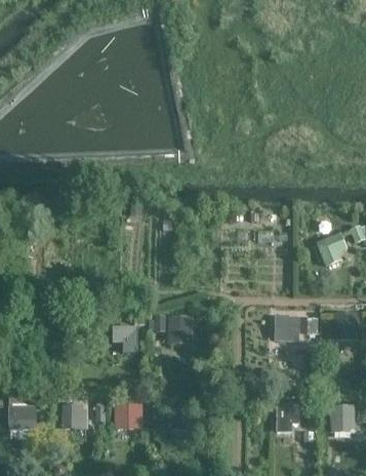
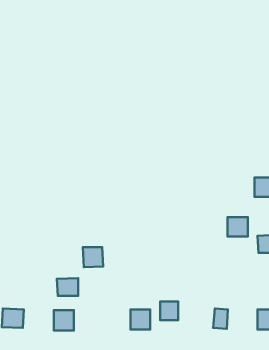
building: [171,321,197,347] -> none
building: [277,321,302,346] -> [228,217,248,237]
building: none -> [160,301,178,320]
building: [113,404,139,427] -> [57,278,78,296]

